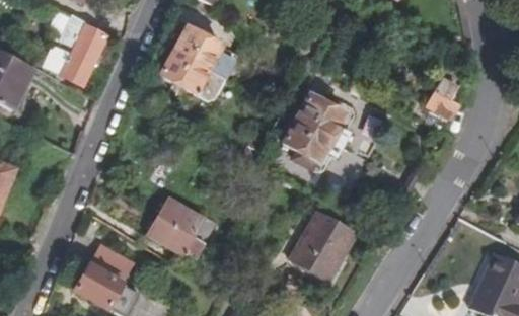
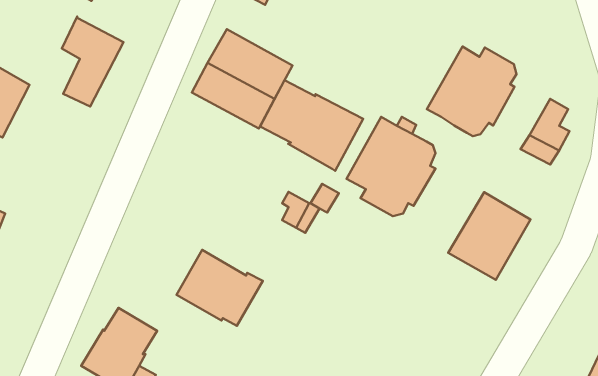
building: none -> [427,46,516,136]
building: none -> [260,80,363,171]
building: [291,212,356,281] -> [448,192,531,280]

